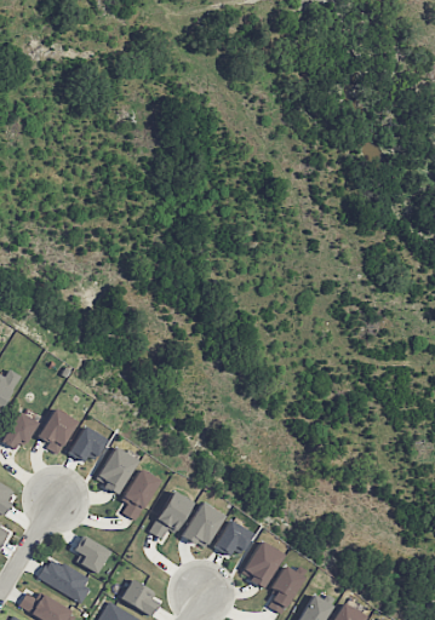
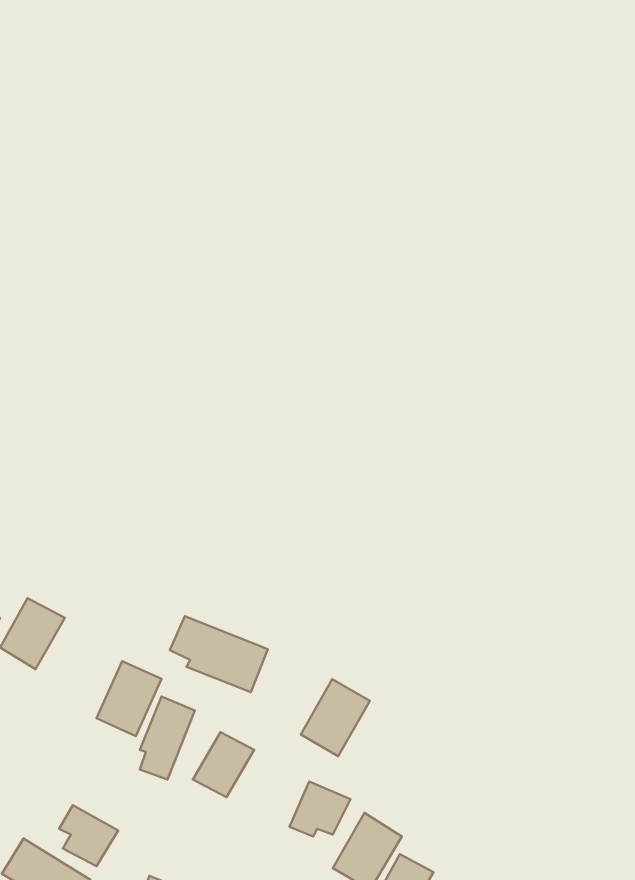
building: none -> [170,616,268,692]
building: [68,425,105,464] -> none
building: [182,501,224,549] -> [301,679,370,756]

